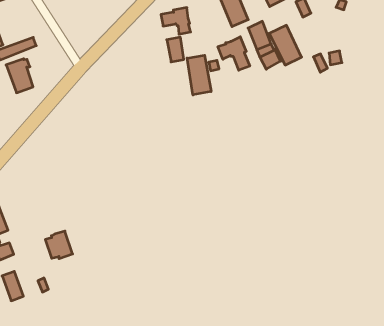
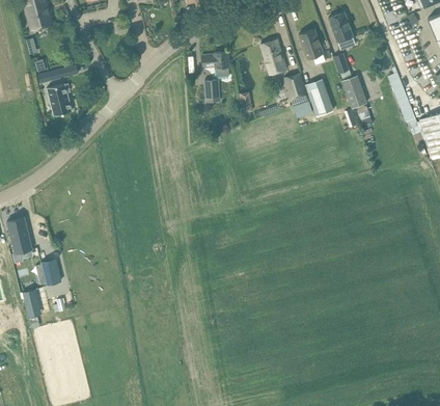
building: none -> [341,75,365,107]
building: [218,37,250,70] -> none
building: [187,55,211,95] -> none
building: [45,231,73,259] -> [35,259,60,285]

